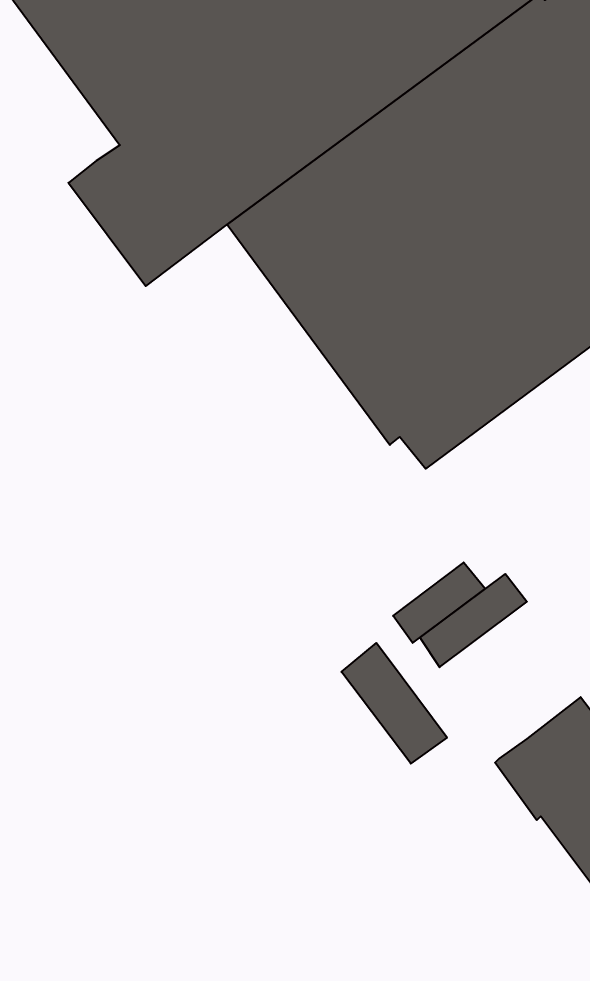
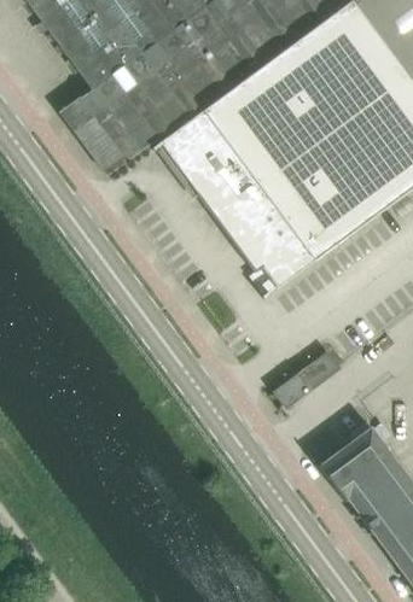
building: [393,562,485,643] -> none
building: [341,643,447,764] -> none

